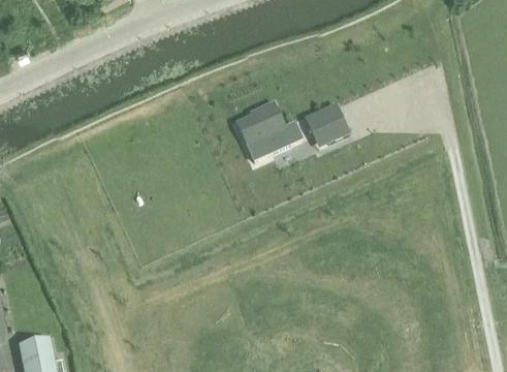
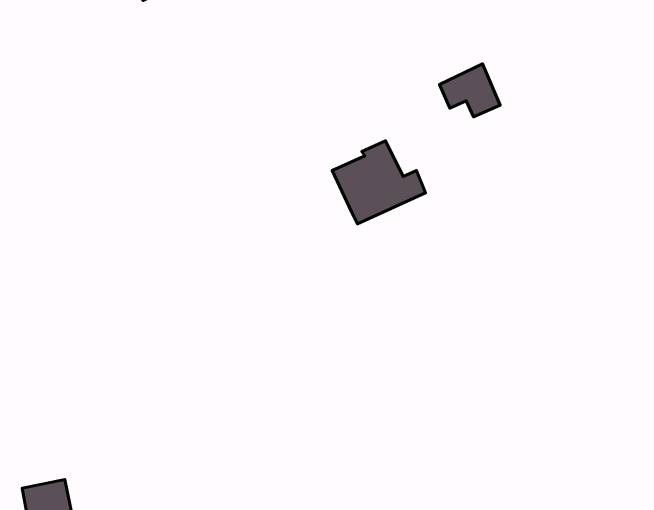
building: [305,107,347,145] -> [439,64,500,117]

